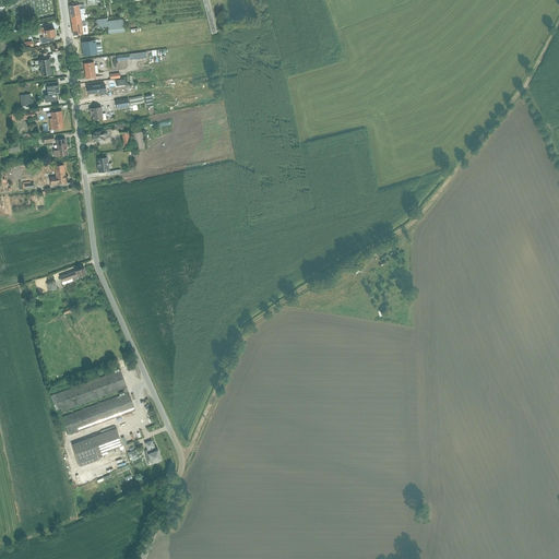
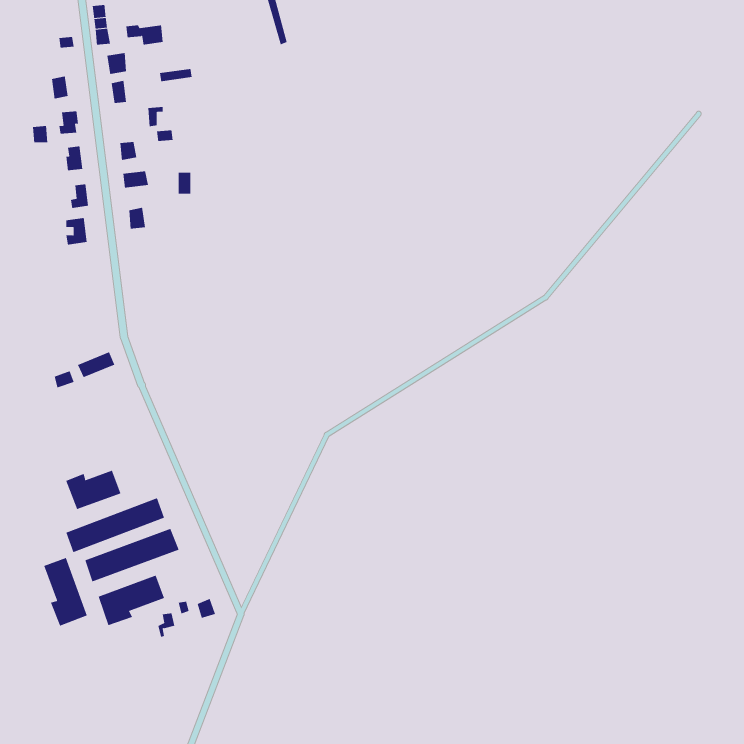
building: none -> [66,470,121,510]
building: none -> [43,557,88,627]

